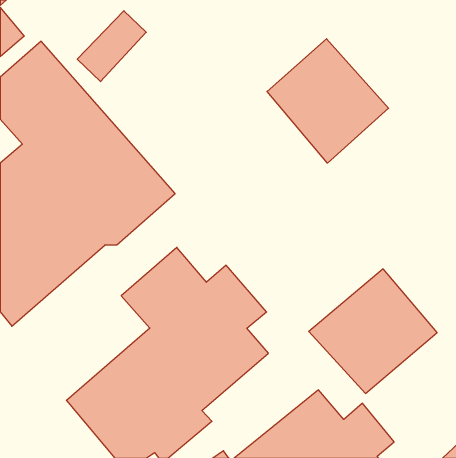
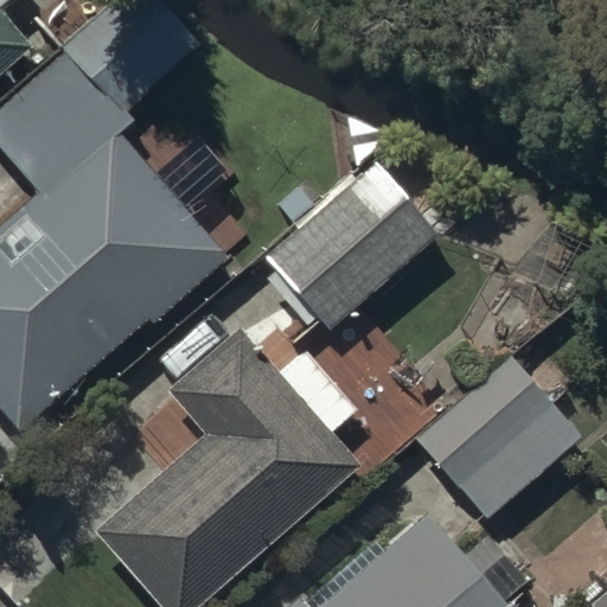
building: [267,39,389,163] -> none
building: none -> [260,161,437,333]

